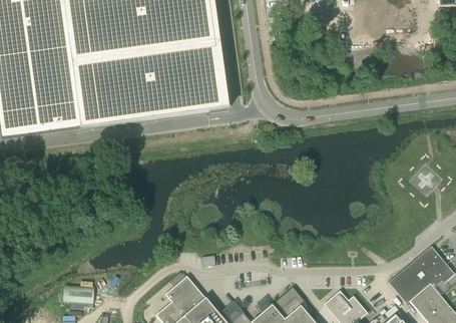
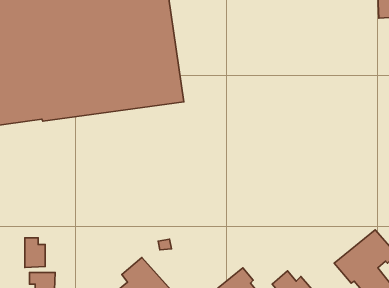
building: none -> [25,238,45,267]

